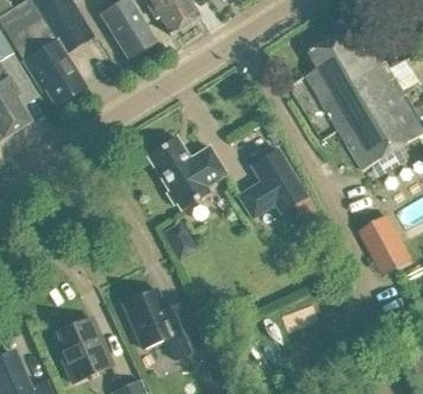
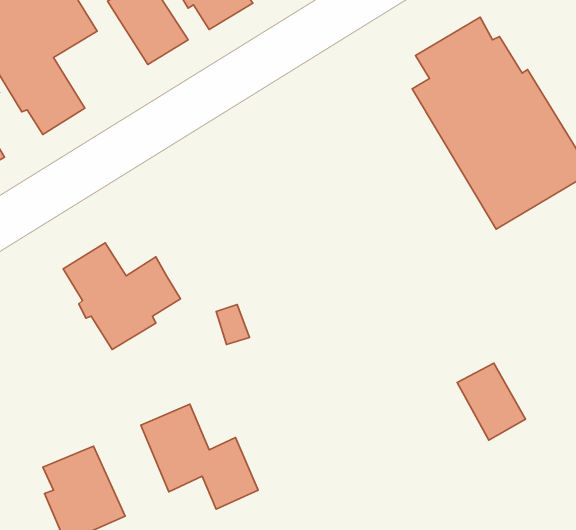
building: [147,136,226,208] -> [63,243,180,350]
building: [240,149,304,215] -> none
building: [357,217,404,269] -> [457,363,525,440]

